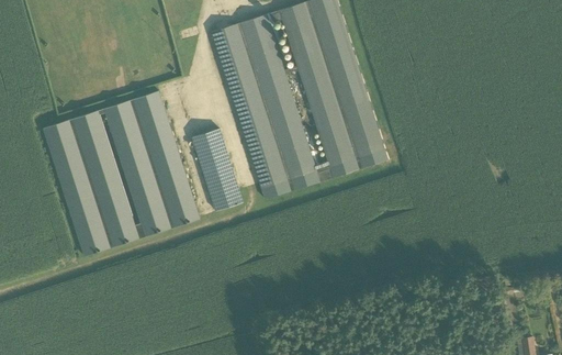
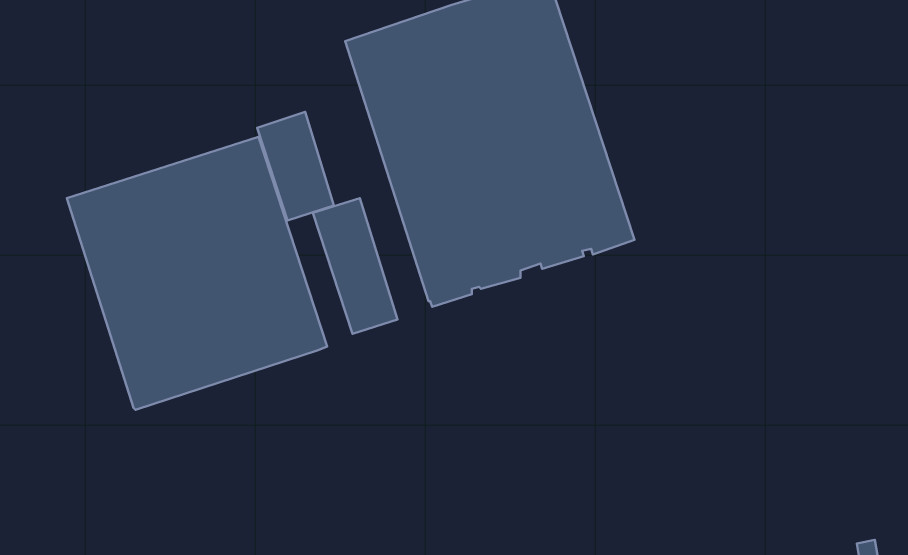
building: none -> [257,112,334,220]

